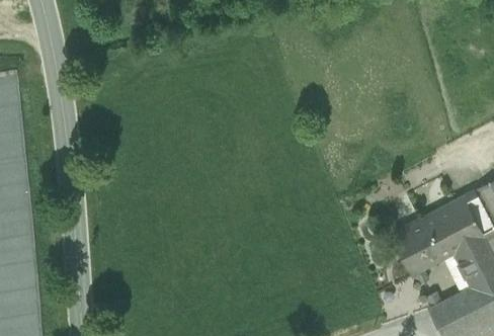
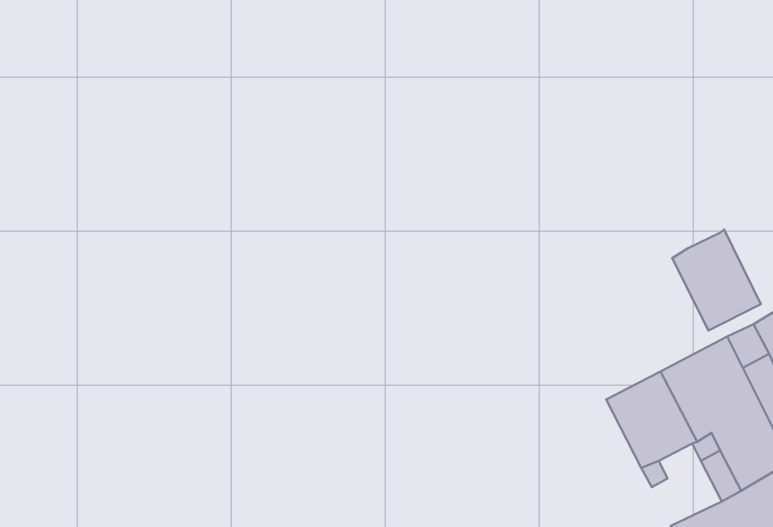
building: none -> [672,230,761,331]

